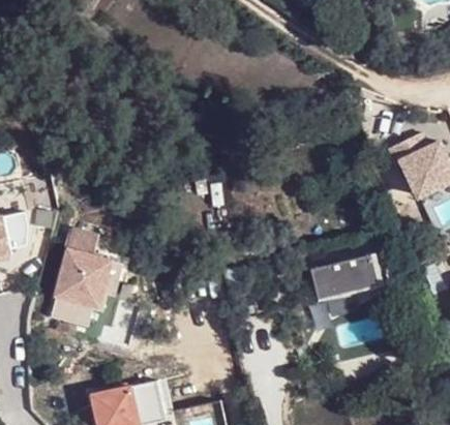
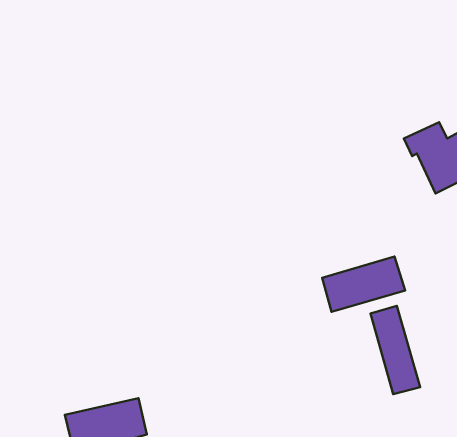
building: [53,229,119,321] -> none
building: none -> [370,306,420,394]

